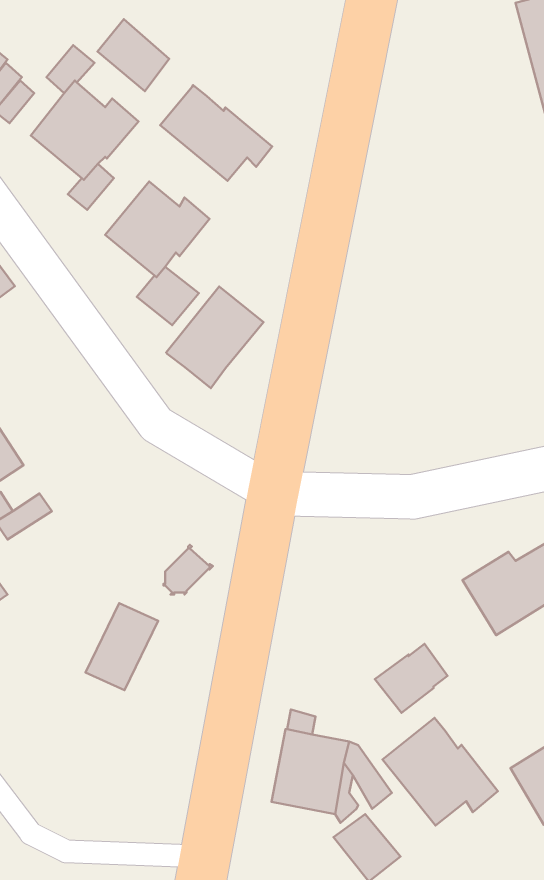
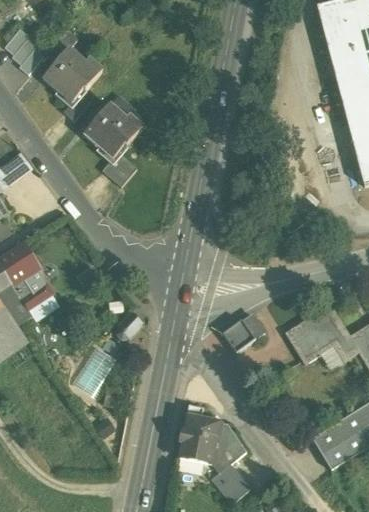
building: [98,19,169,91] -> none
building: [160,85,272,181] -> none
building: [166,286,264,388] -> none
building: [375,644,448,713] -> [223,312,264,351]
building: [382,718,498,826] -> none

